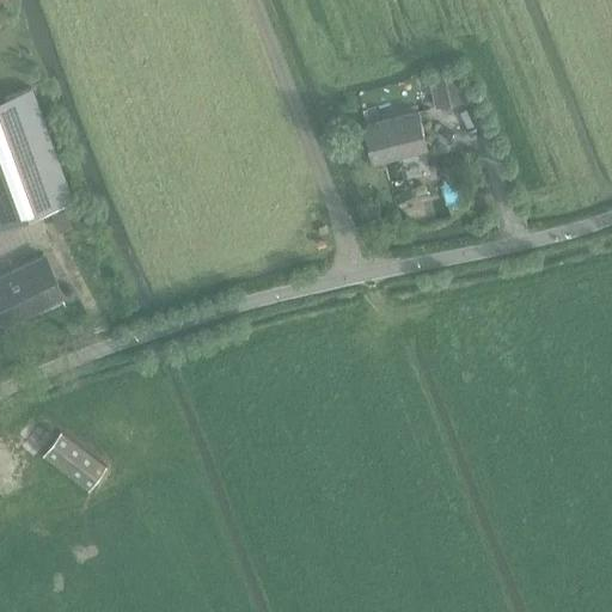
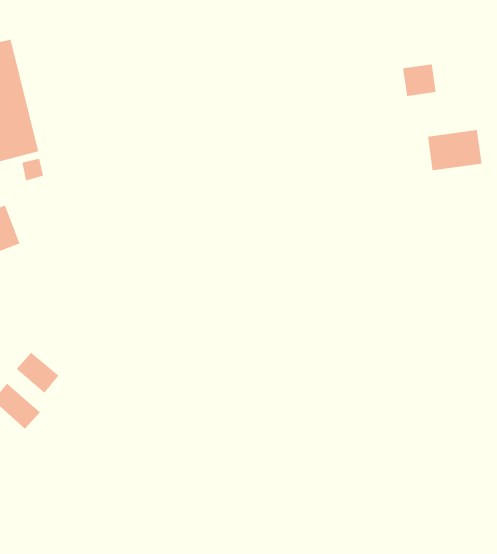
building: [366,117,424,164] -> [427,129,482,171]
building: none -> [16,352,60,394]

